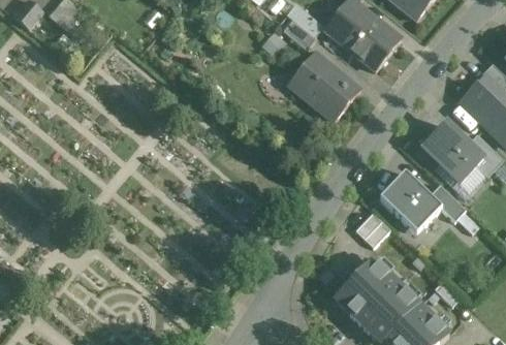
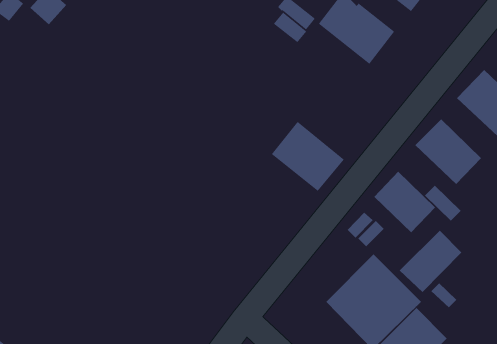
building: [289,52,360,120] -> [271,121,345,192]
building: none -> [399,230,462,293]

